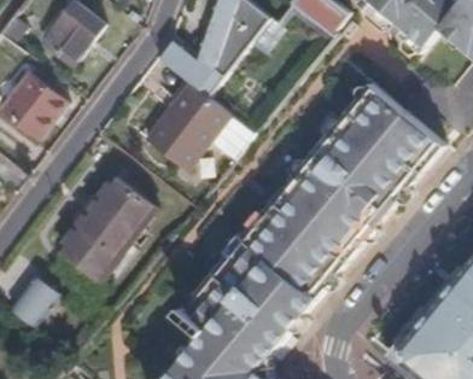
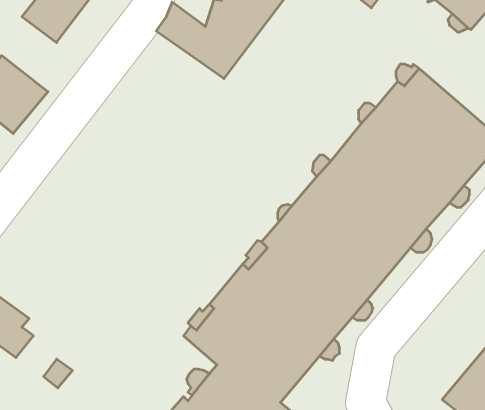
building: [151,78,259,168] -> none
building: [60,171,158,275] -> none

